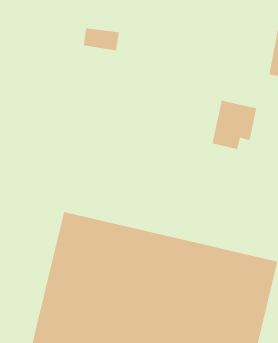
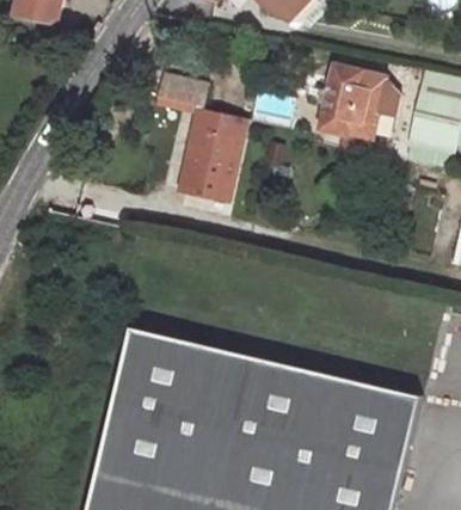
building: none -> [184,109,247,199]
building: [211,100,257,150] -> [324,64,386,133]

